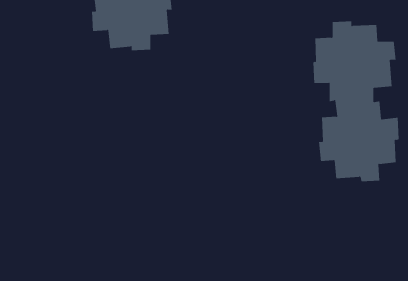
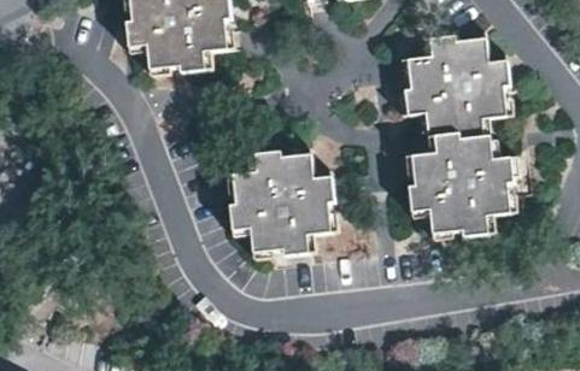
building: none -> [230,151,335,254]

